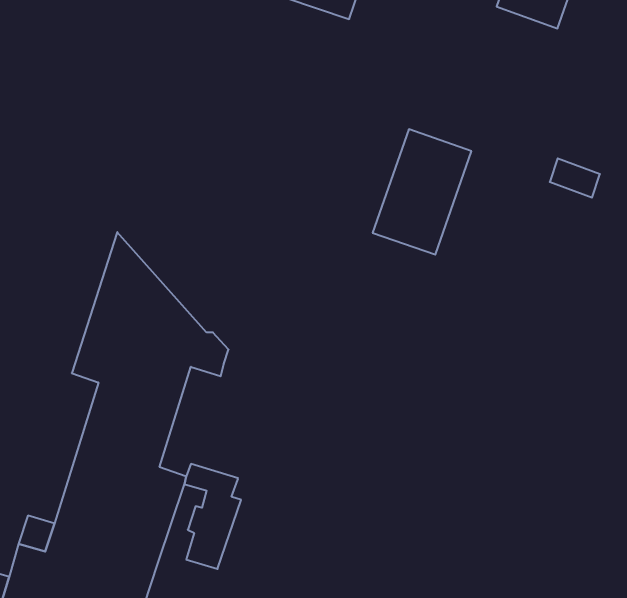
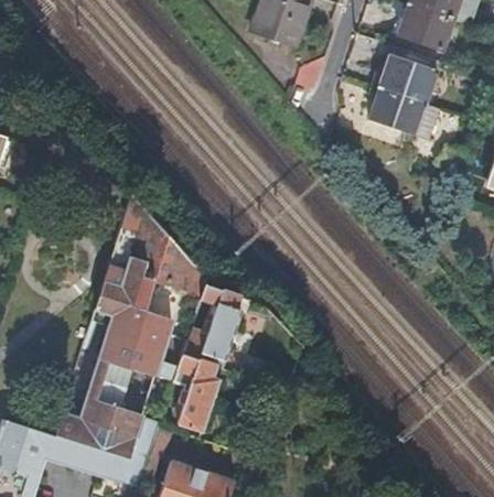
building: [373,129,471,255] -> [368,45,438,133]
building: none -> [201,287,240,361]

